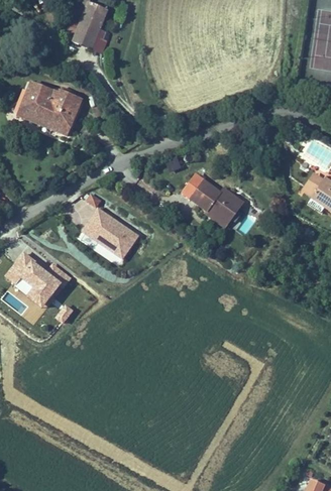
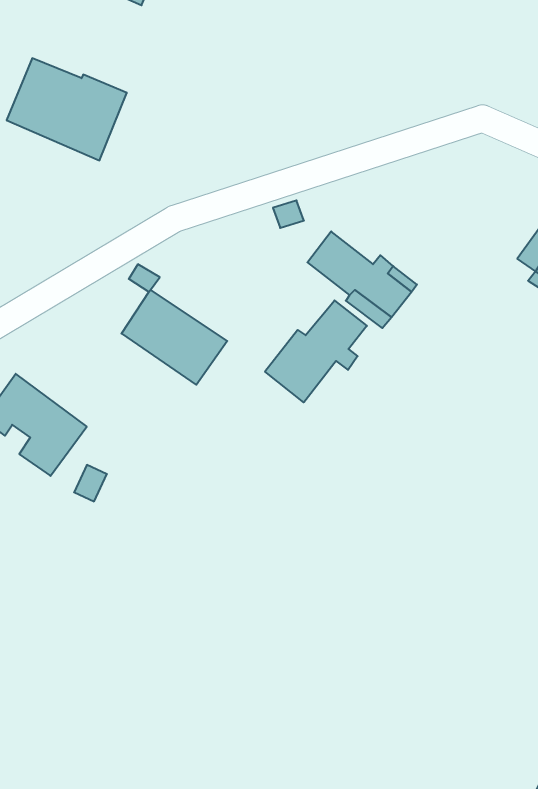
building: none -> [265,300,367,402]

